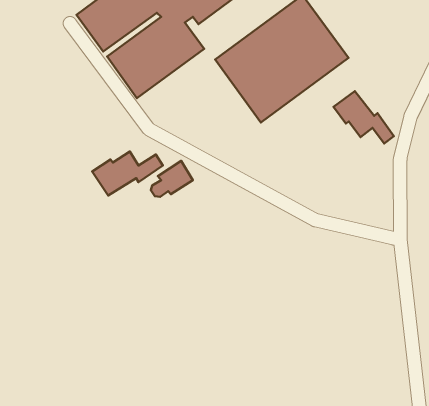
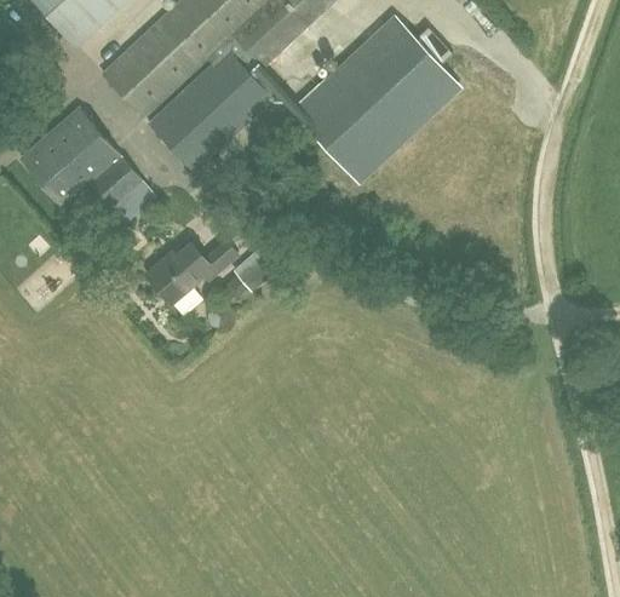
building: none -> [21,108,154,225]
building: [334,91,394,144] -> none

